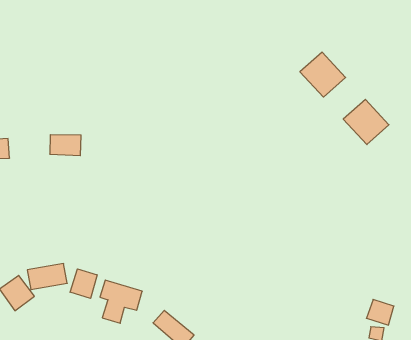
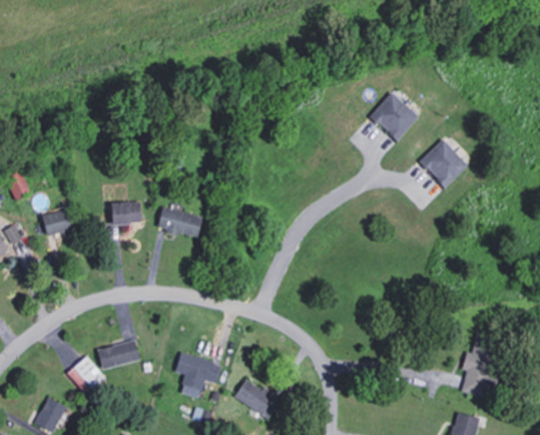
building: none -> [158,207,202,237]
building: [70,269,97,298] -> none

